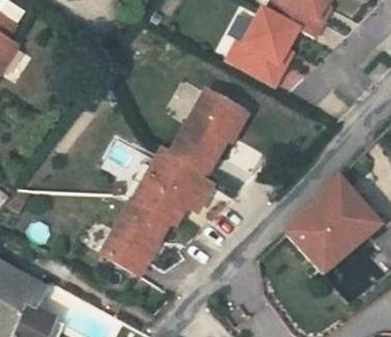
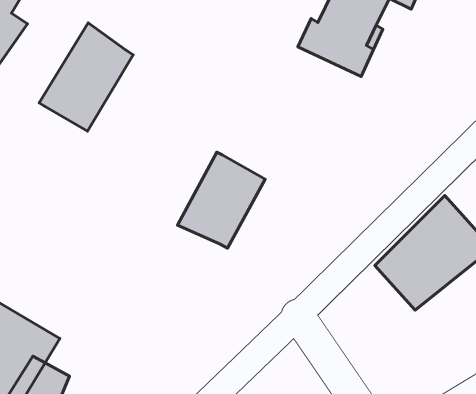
building: none -> [39,23,133,131]
building: [172,89,249,170] -> none
building: [106,200,170,268] -> none

